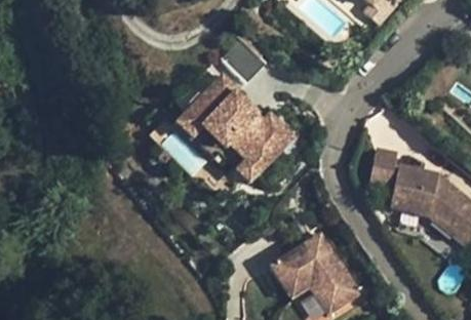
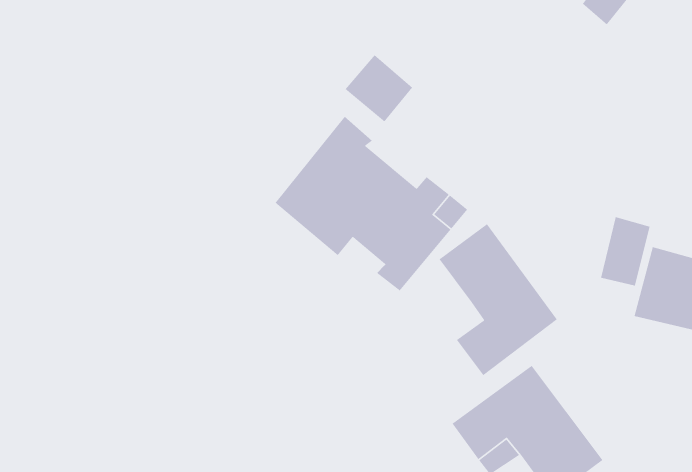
building: none -> [438,223,558,376]

